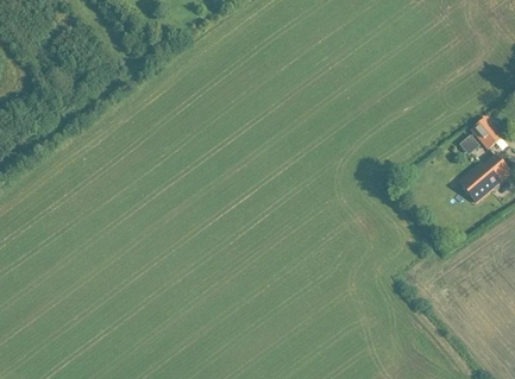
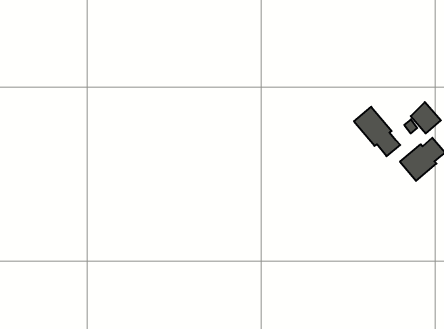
building: none -> [354,107,400,156]

